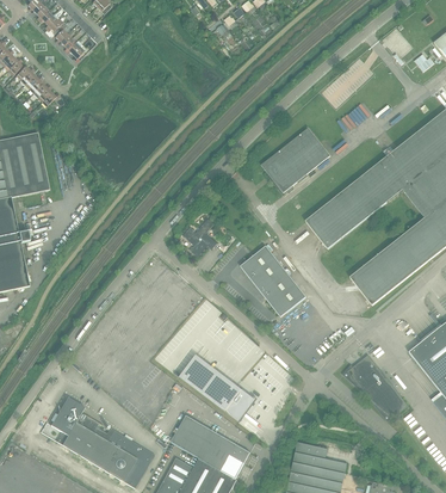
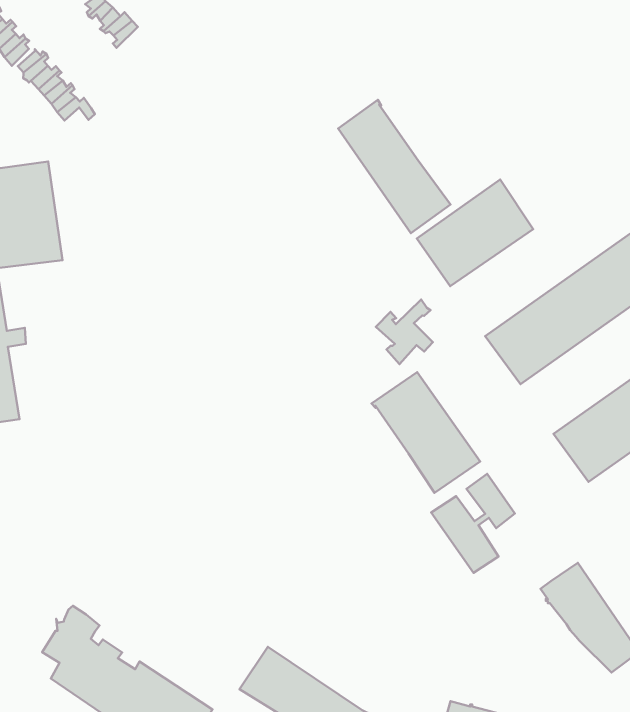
building: none -> [338,100,451,233]
building: [181,217,216,257] -> [376,300,433,364]
building: [179,355,254,421] -> none

